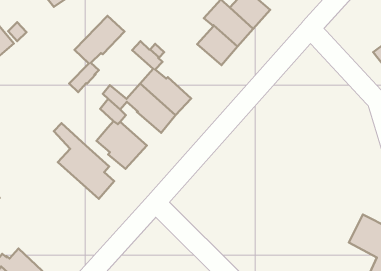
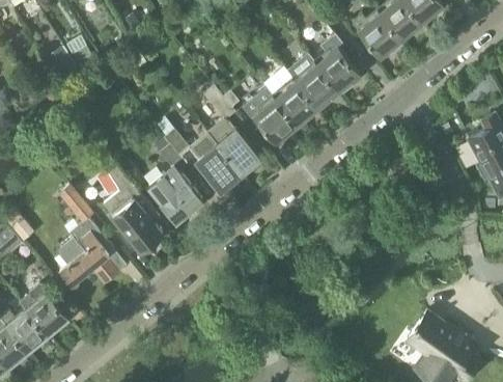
building: [69,16,124,92] -> none
building: none -> [242,92,298,143]
building: none -> [58,186,118,285]

